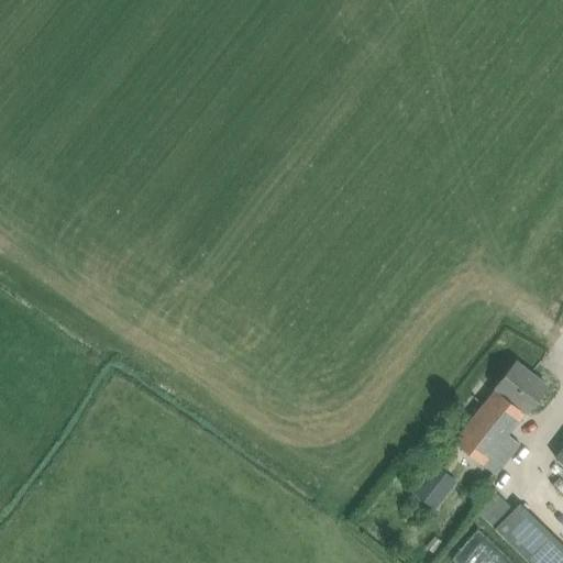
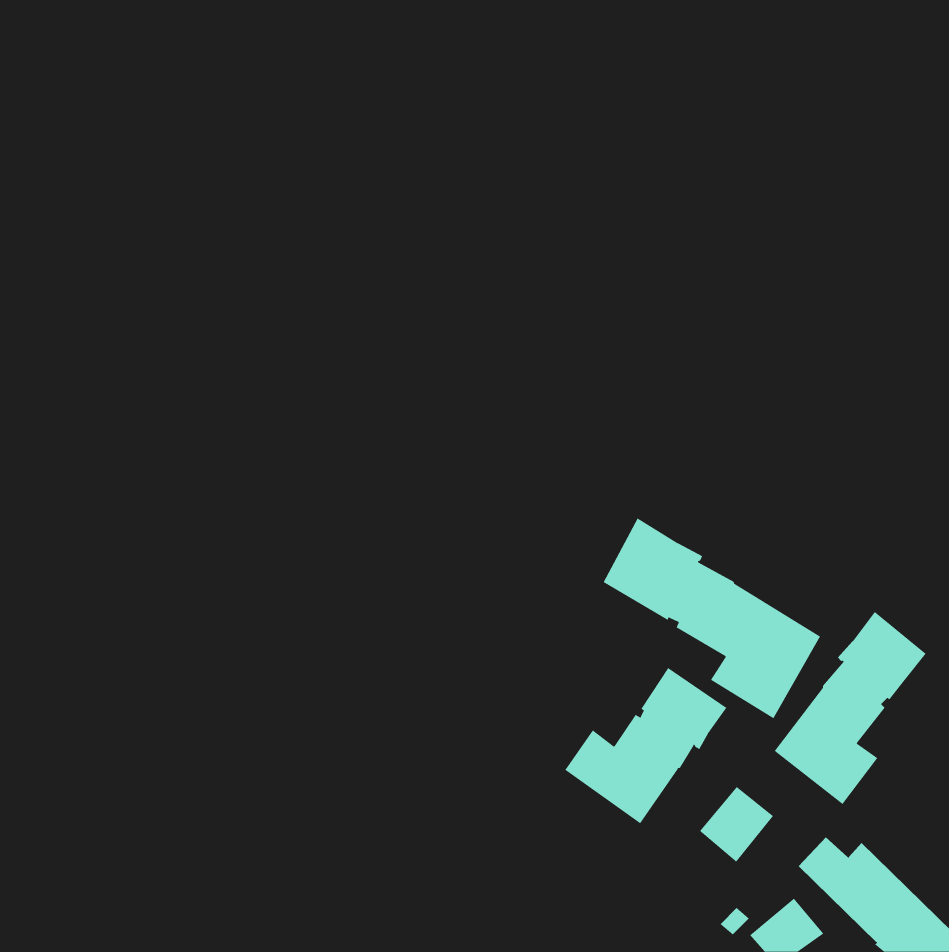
building: none -> [603,518,821,719]
building: none -> [565,667,727,824]

